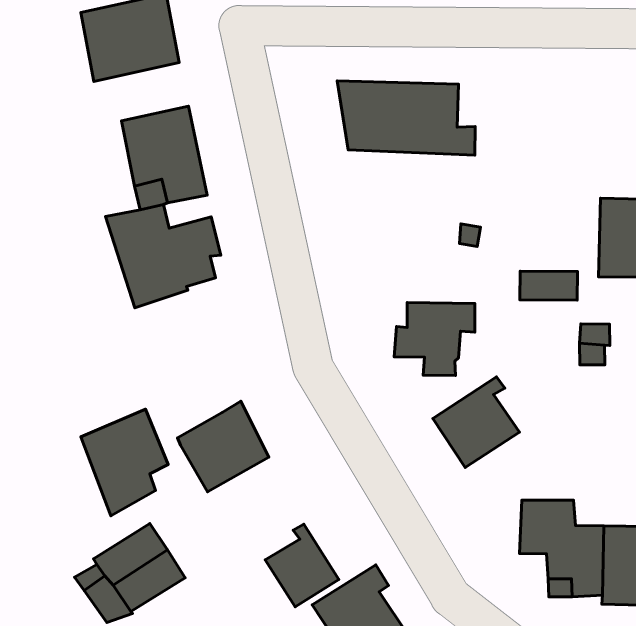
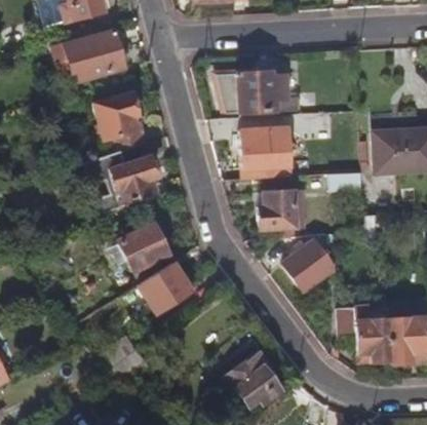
building: none -> [229,126,289,179]
building: [81,409,168,516] -> [119,222,170,284]
building: [265,524,339,607] -> none

